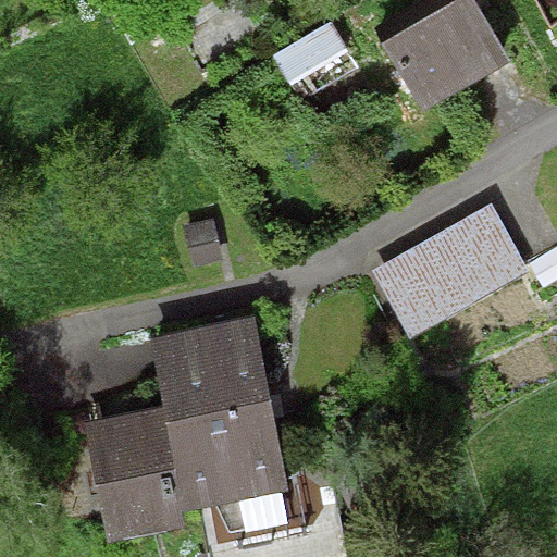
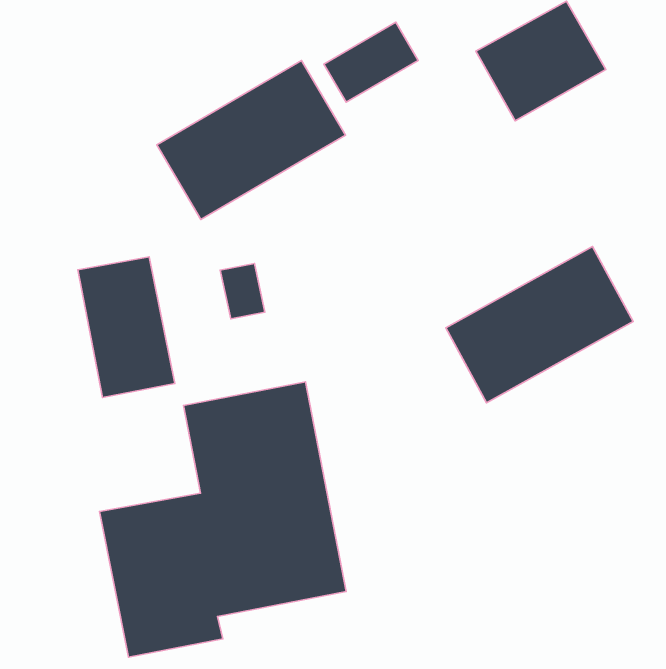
building: none -> [157,60,346,219]
building: none -> [78,257,175,398]

